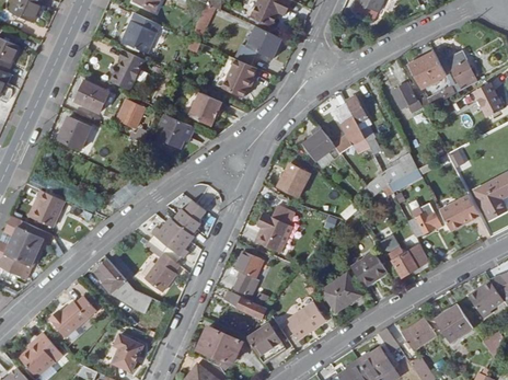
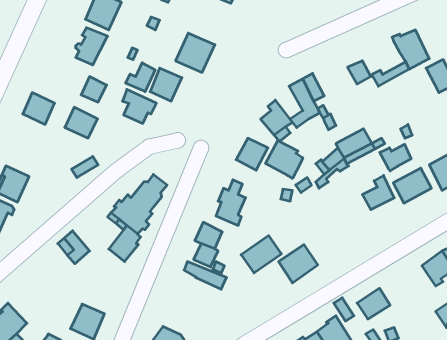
building: [246,25,281,58] -> none
building: [409,50,446,88] -> none
building: [74,79,108,111] -> [65,107,98,138]
building: none -> [126,63,155,92]
building: none -> [266,141,303,178]
building: none -> [380,144,411,171]
building: [389,244,428,276] -> none
building: [350,251,388,287] -> none
building: [111,279,152,312] -> none
building: [49,297,96,337] -> none
building: [285,301,326,339] -> [241,236,281,273]
building: [434,303,473,343] -> none
building: [246,323,280,356] -> none
building: [196,325,242,365] -> none

